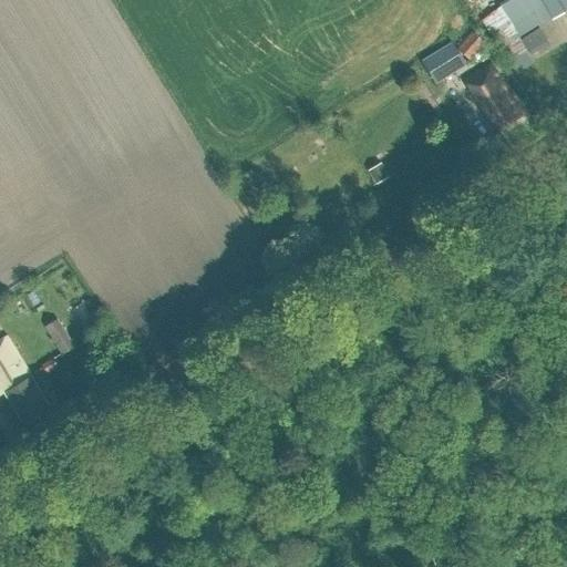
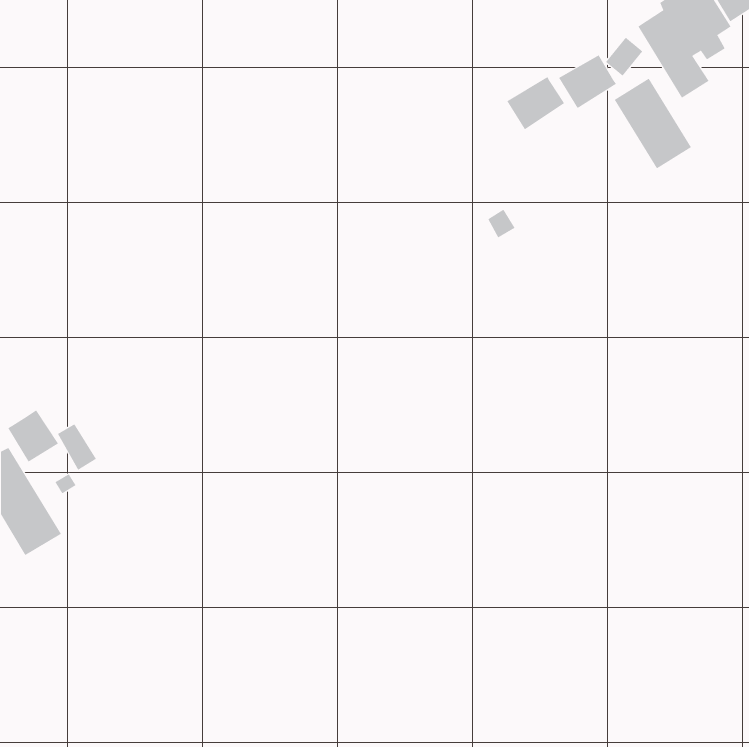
building: none -> [507,76,565,130]
building: none -> [7,410,59,462]

